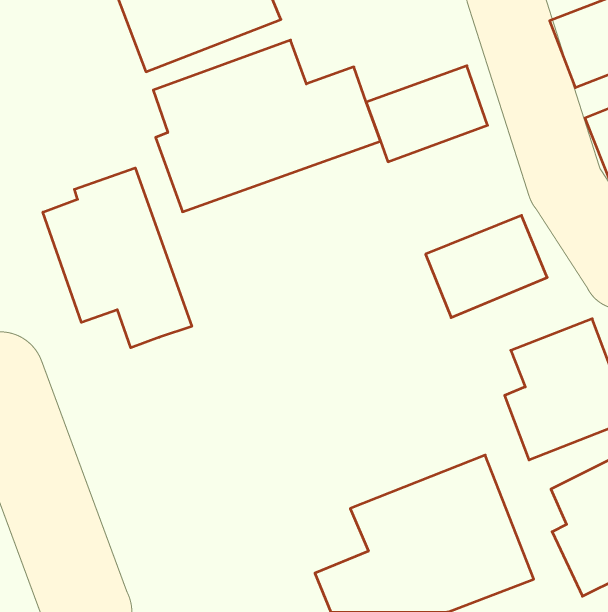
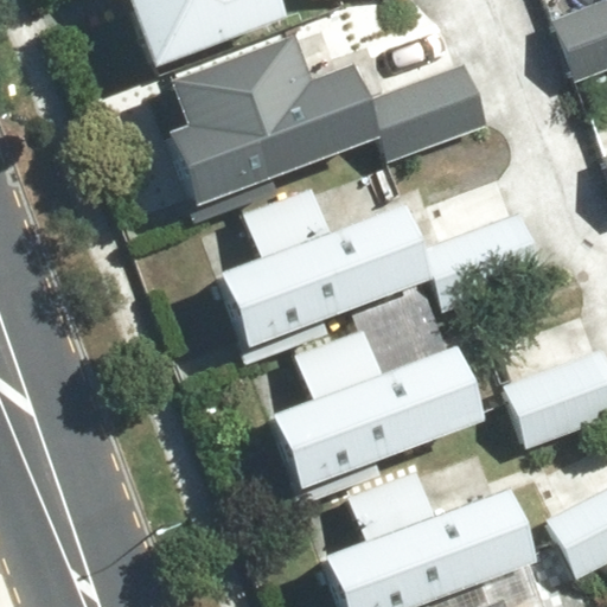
building: none -> [222,159,433,362]
building: [43,168,192,348] -> none
building: none -> [273,296,490,493]

